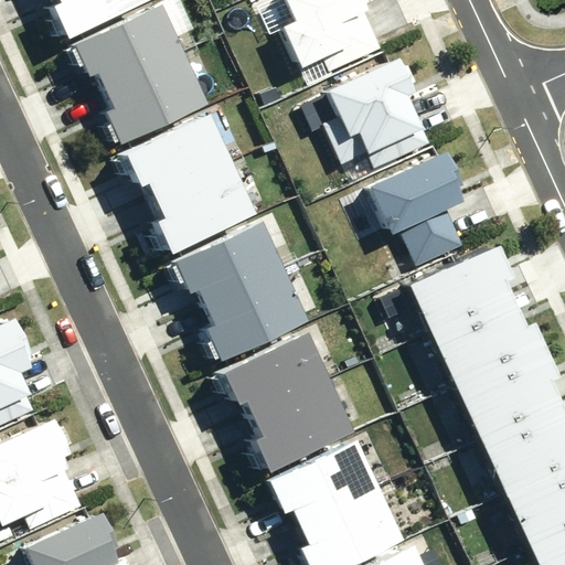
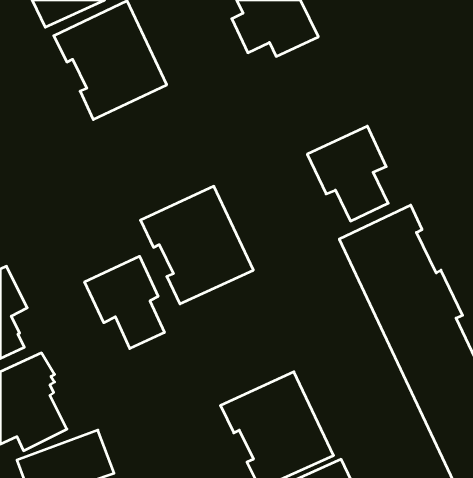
building: [327,57,428,168] -> none
building: [121,114,254,253] -> none
building: none -> [85,256,164,349]
building: [220,329,352,467] -> none

